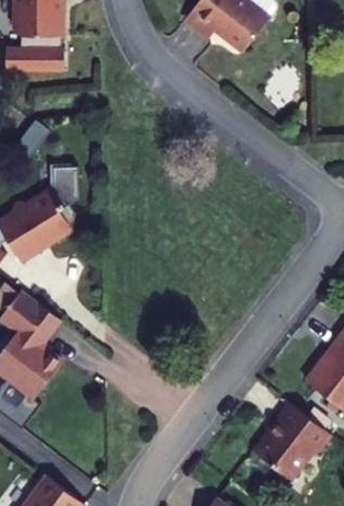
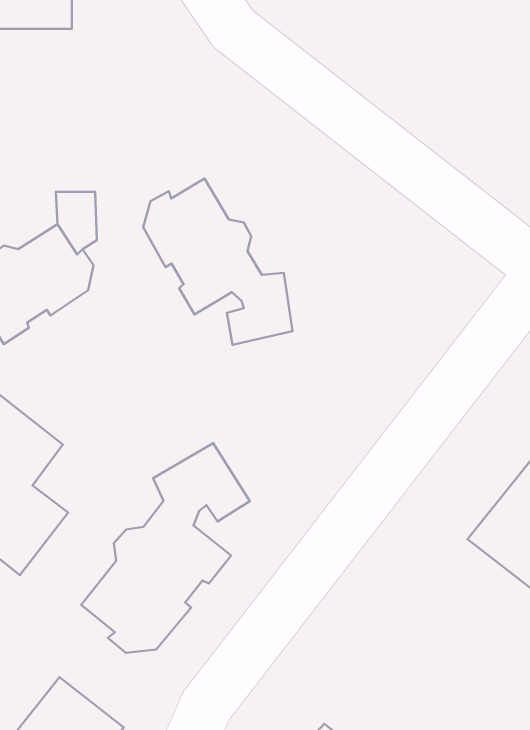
building: none -> [143,179,292,345]
building: none -> [81,443,250,653]
building: [257,404,331,481] -> none

